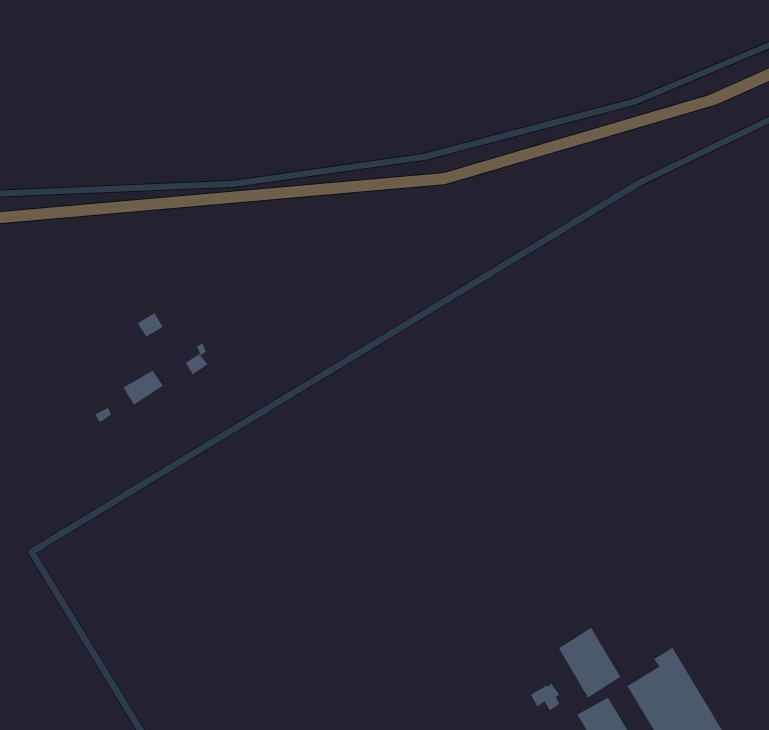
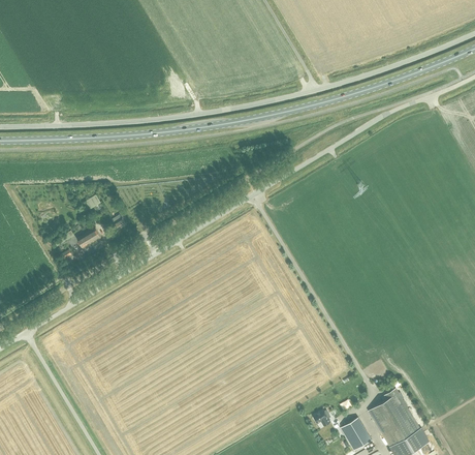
building: [558,627,621,698] -> none

